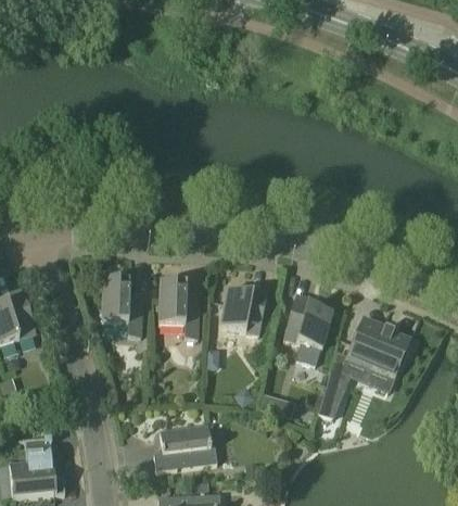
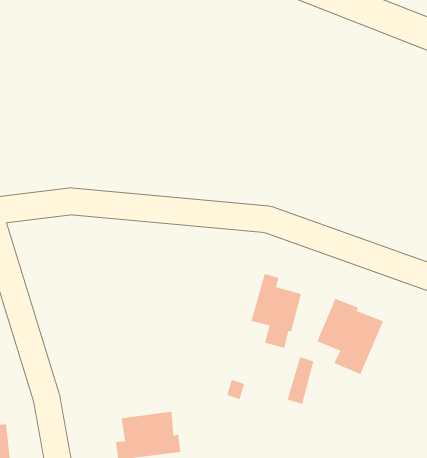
building: [102,276,142,336] -> none
building: [158,277,199,338] -> none
building: [220,284,268,333] -> none

